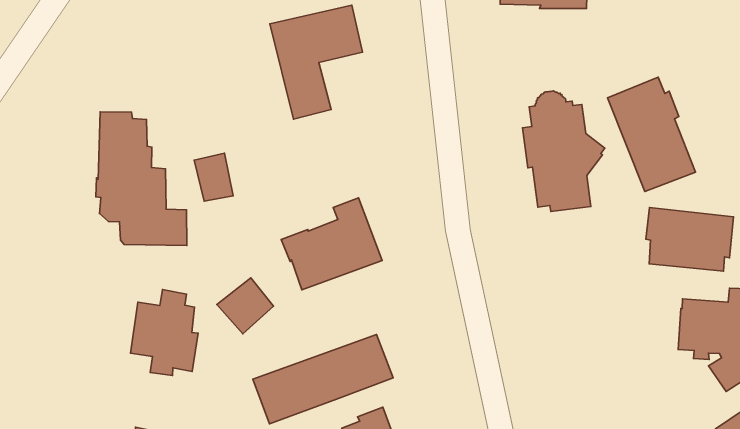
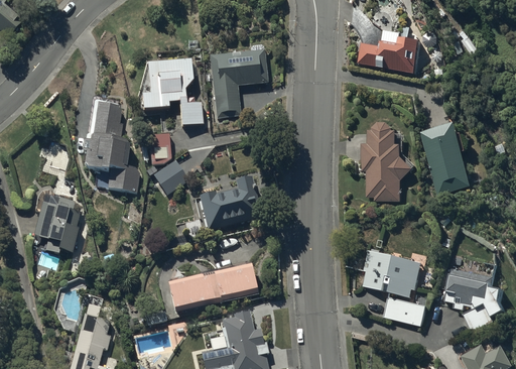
building: none -> [140,57,203,125]
building: [646,207,733,271] -> [363,249,421,296]
building: [217,278,273,334] -> [152,159,188,195]
building: [130,289,198,376] -> [34,197,80,253]
building: none -> [382,295,425,325]

